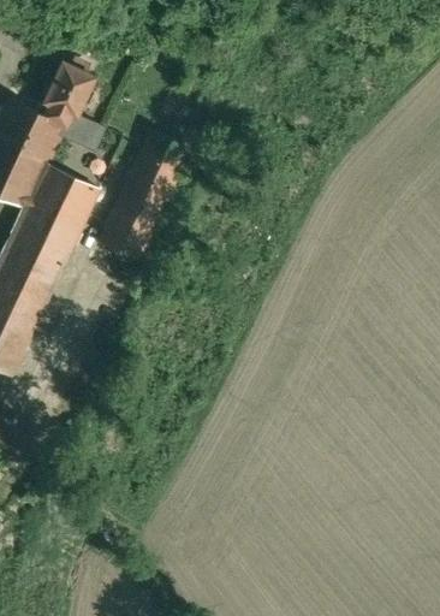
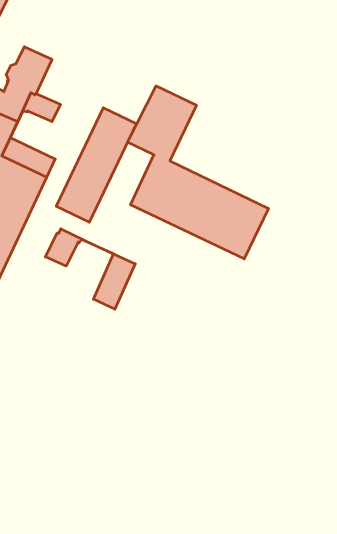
building: none -> [128,86,268,259]
building: none -> [45,229,135,309]

